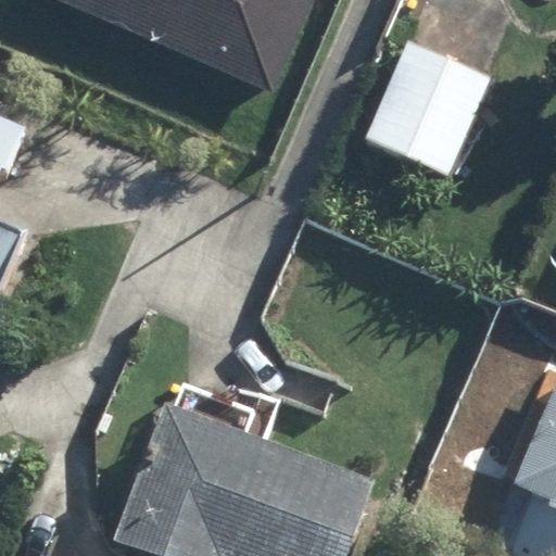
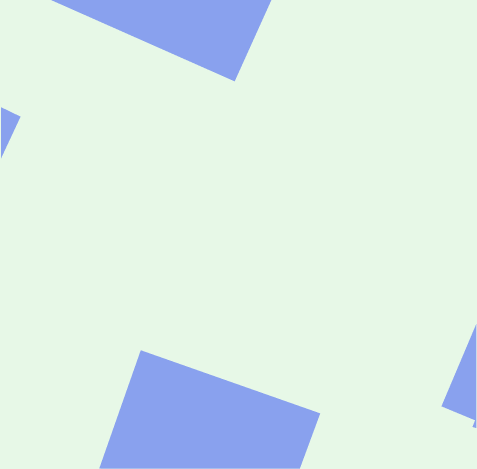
building: [363,37,496,178] -> none

